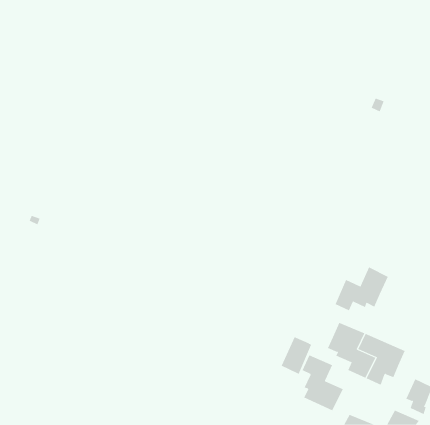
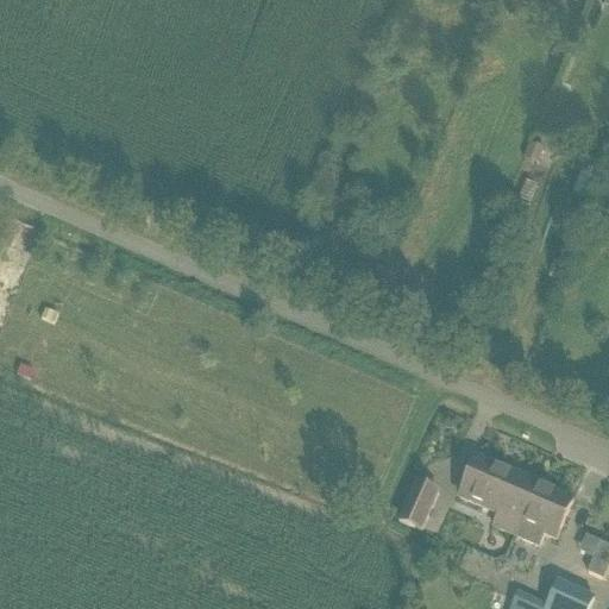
building: [335,266,389,311] -> none
building: [302,354,344,411] -> none

